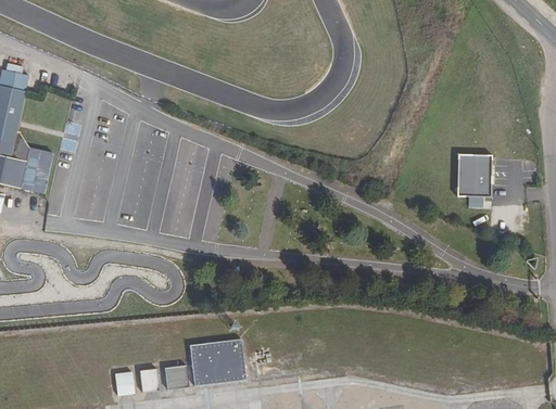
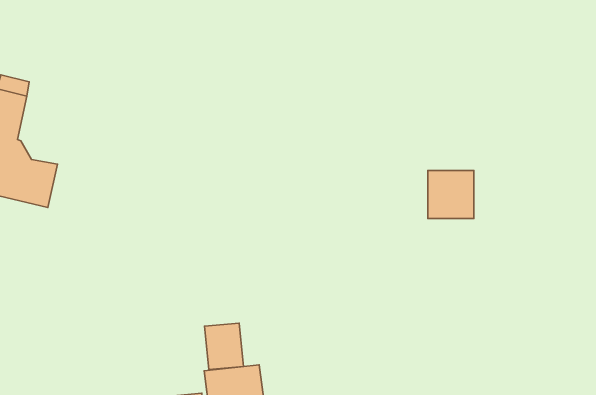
building: [456,149,498,193] -> [428,170,474,219]
building: none -> [204,323,244,369]

